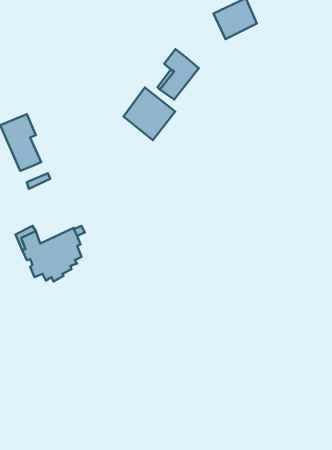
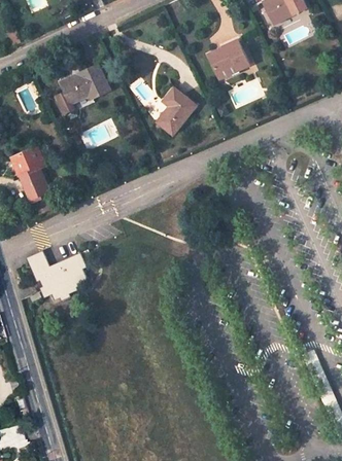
building: none -> [61,65,109,103]
building: [124,88,175,140] -> none

